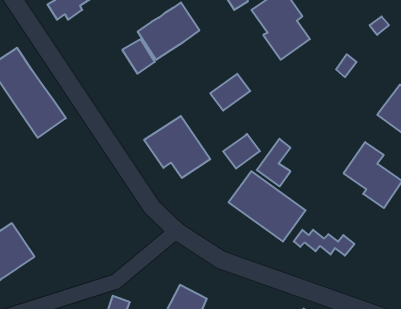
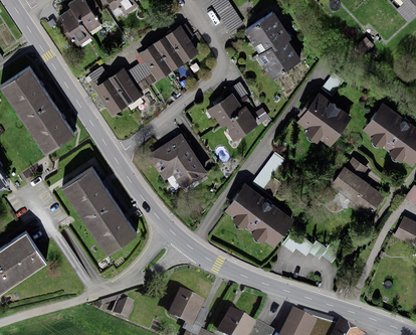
building: none -> [93,68,140,114]
building: none -> [296,93,352,147]
building: [223,134,260,169] -> [223,108,257,140]
building: none -> [65,168,137,252]

